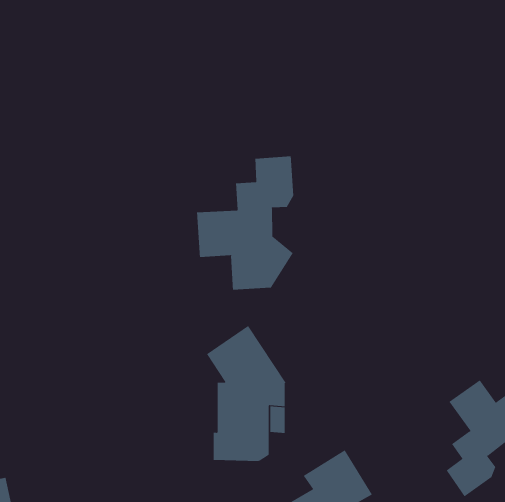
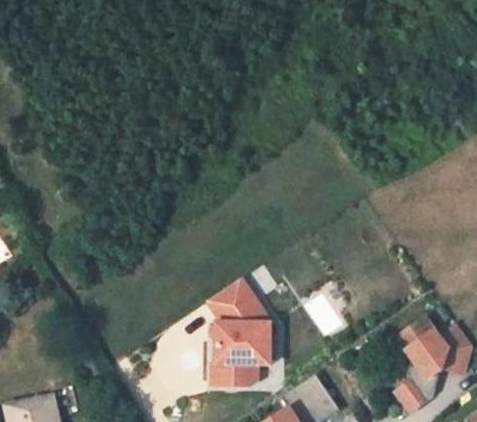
building: [197,156,294,291] -> none

